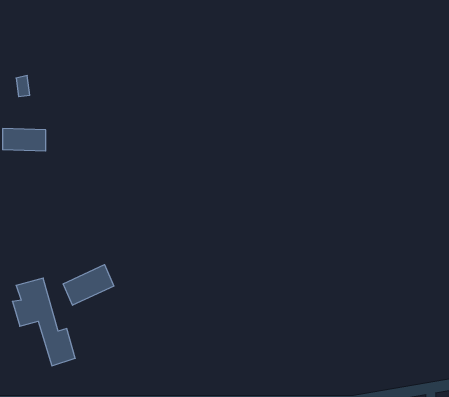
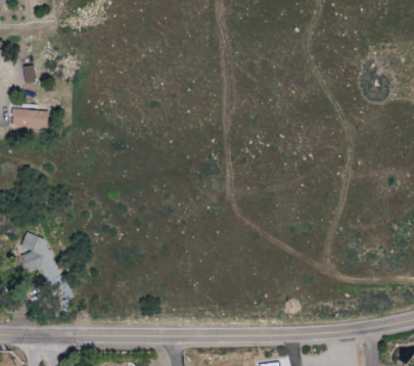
building: [63,265,114,305] -> none

